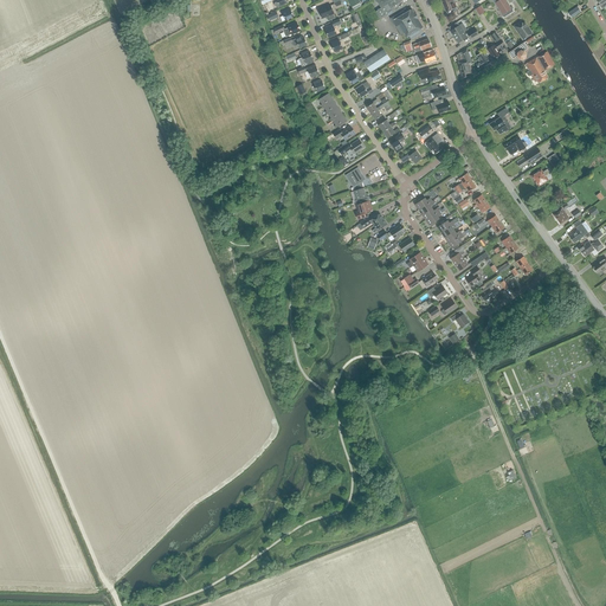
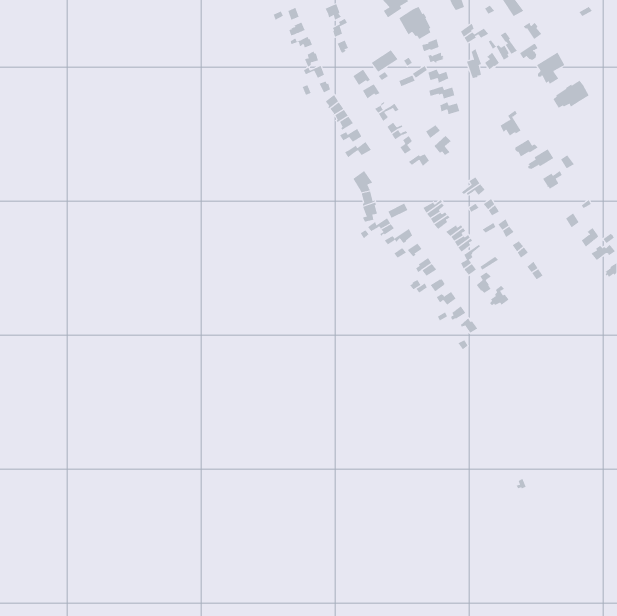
building: none -> [553,80,589,109]

